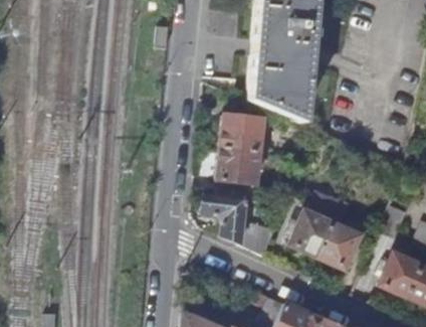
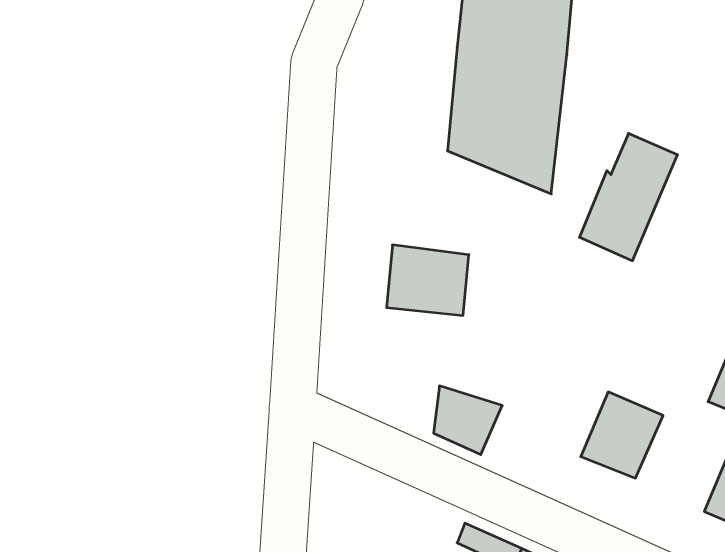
building: [220,114,263,152] -> none
building: [289,190,340,256] -> [579,133,678,261]
building: [202,193,247,243] -> none

